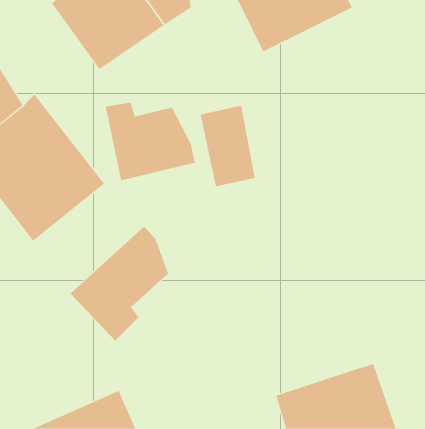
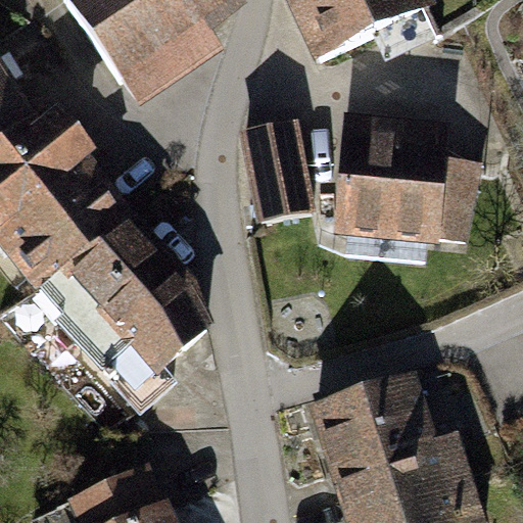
building: [105,102,196,181] -> none
building: none -> [337,141,481,244]
building: none -> [40,223,176,356]
building: none -> [315,385,434,480]

